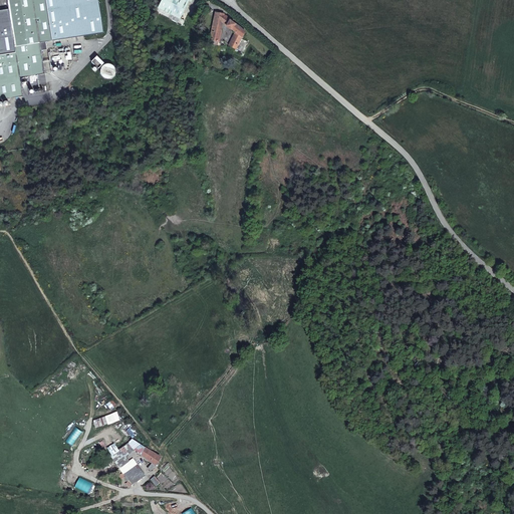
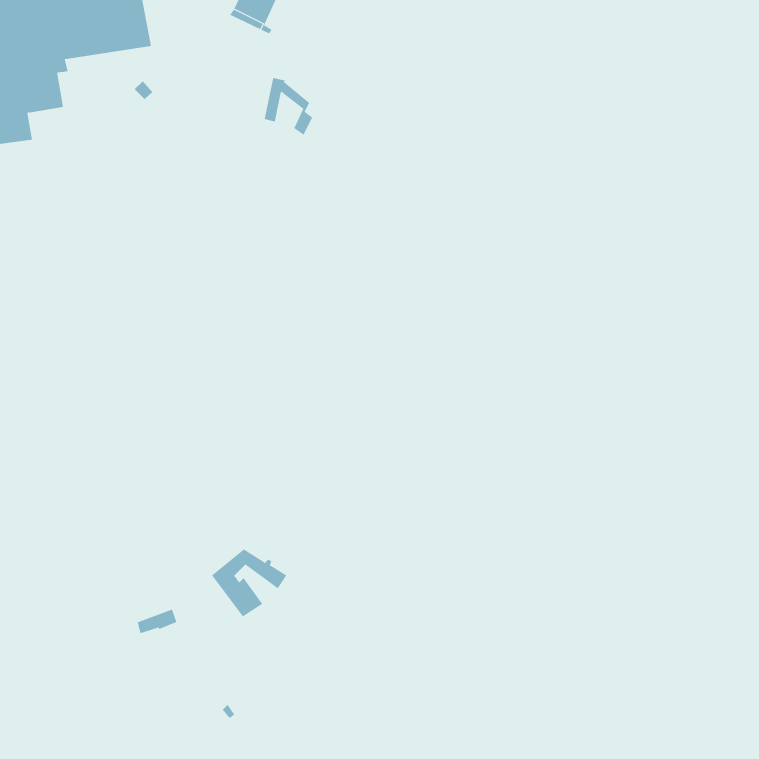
building: [210,11,243,50] -> [264,77,313,135]
building: [109,438,161,484] -> [211,549,287,617]

